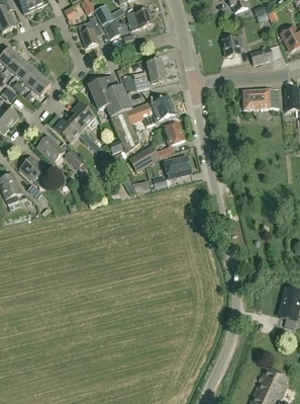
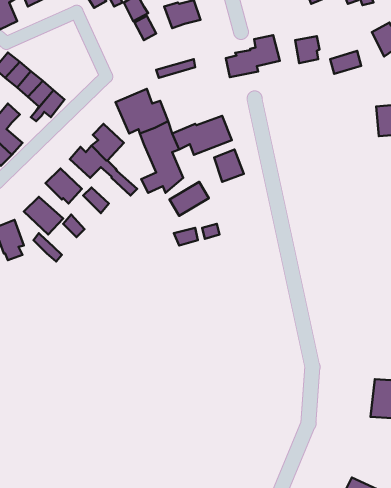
building: [78,15,100,47] -> none
building: [125,60,166,91] -> [226,35,280,77]
building: [242,88,279,109] -> none
building: [164,155,191,178] -> none

